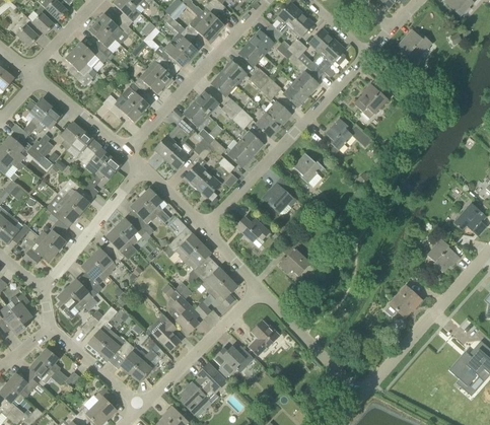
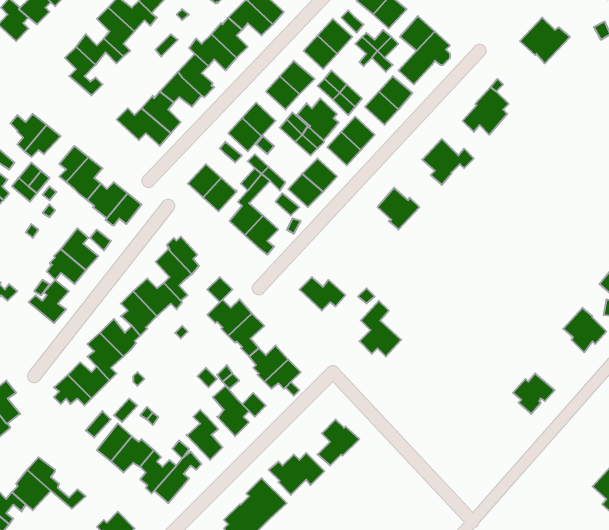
building: none -> [297,98,339,140]
building: [265,183,296,213] -> none
building: [23,235,57,266] -> none

